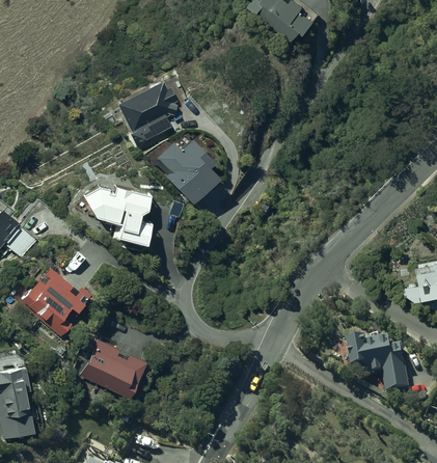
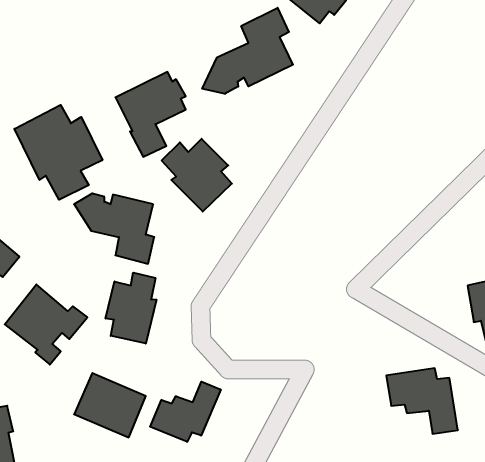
building: none -> [202,8,293,94]
building: none -> [14,105,102,200]
building: none -> [106,273,156,344]
building: none -> [150,382,221,442]

